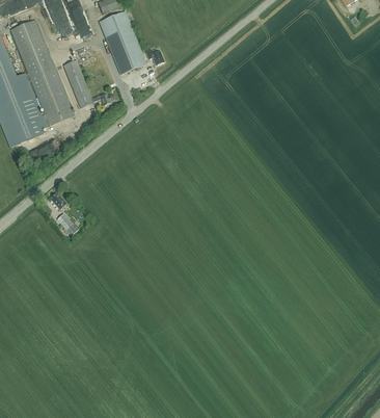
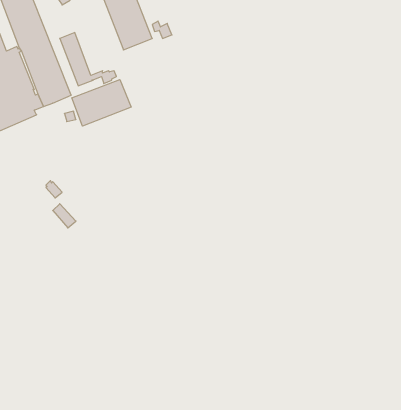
building: none -> [72,80,131,126]

